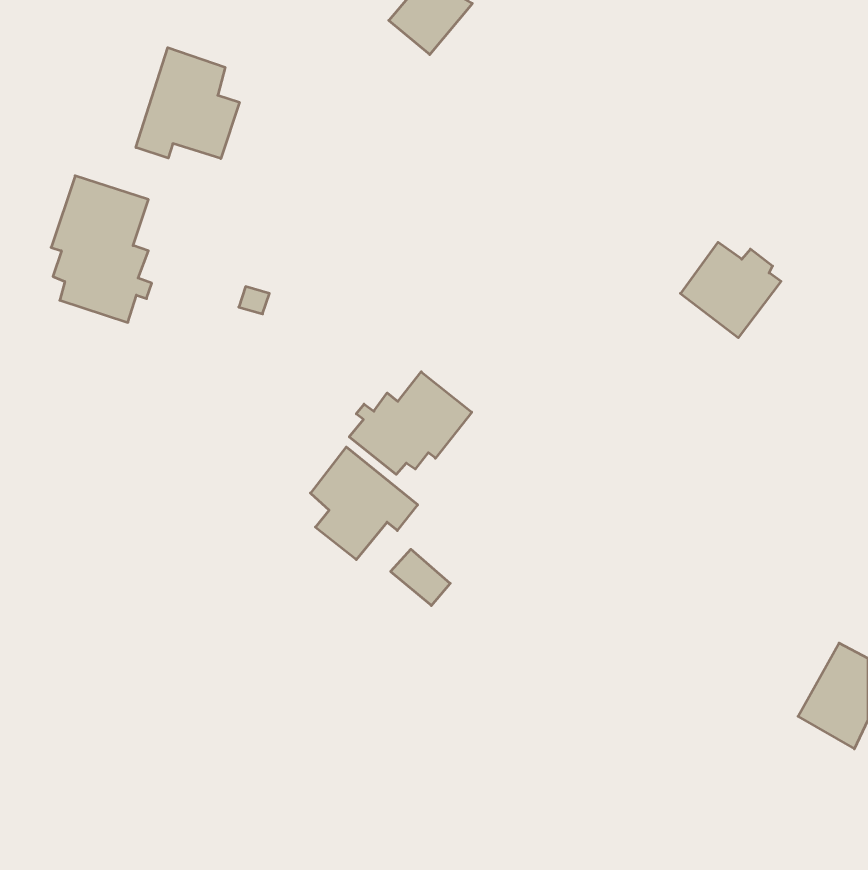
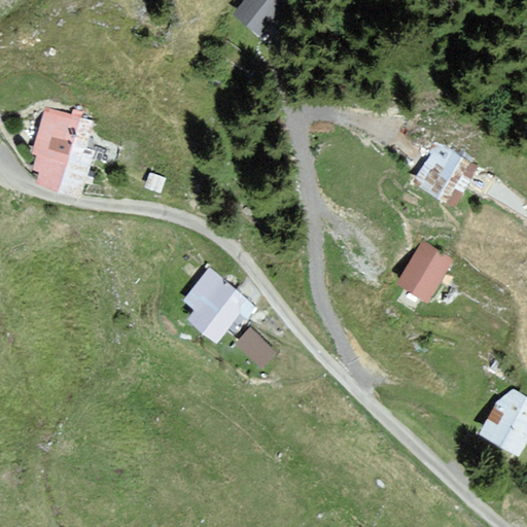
building: [136,48,239,159] -> none
building: [349,372,472,474] -> none
building: none -> [398,243,450,298]

